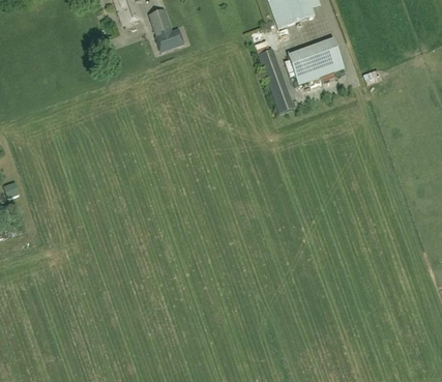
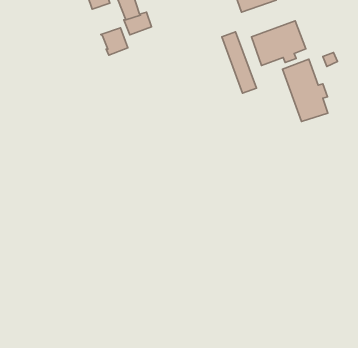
building: none -> [101,28,128,55]
building: none -> [283,59,328,122]

